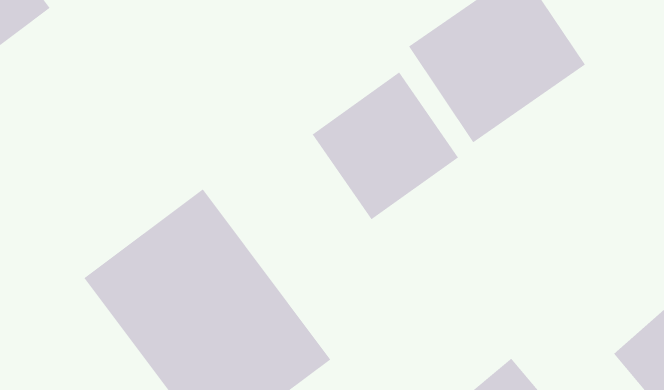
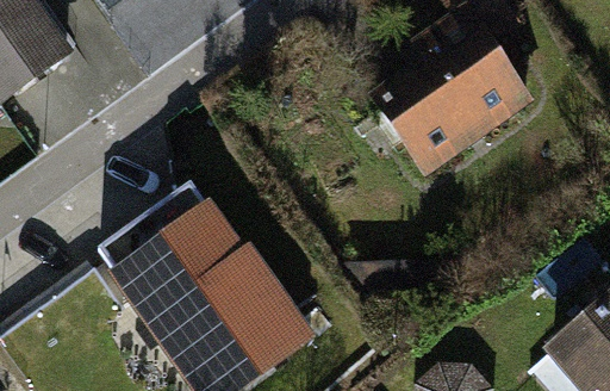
building: [312,72,459,220] -> none

